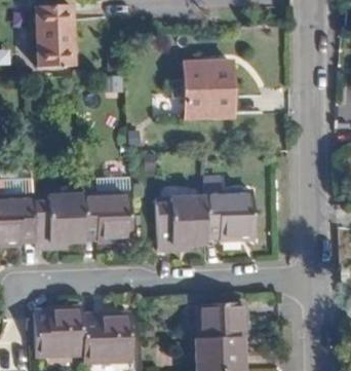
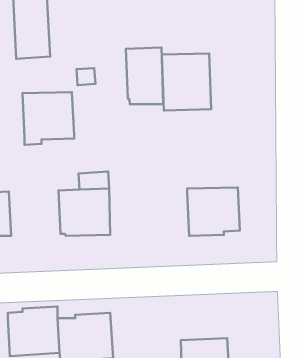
building: none -> [126,48,163,104]
building: [34,195,84,247] -> [22,92,74,145]
building: [159,197,209,248] -> none
building: [199,302,246,341] -> none

